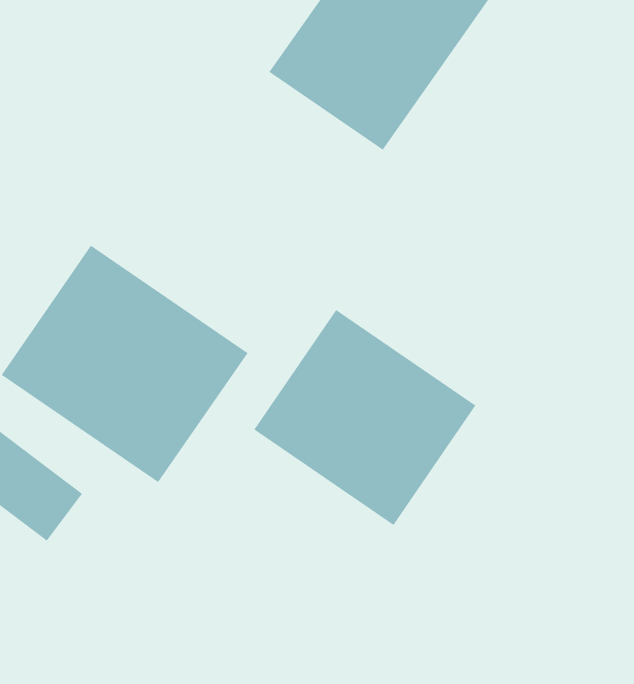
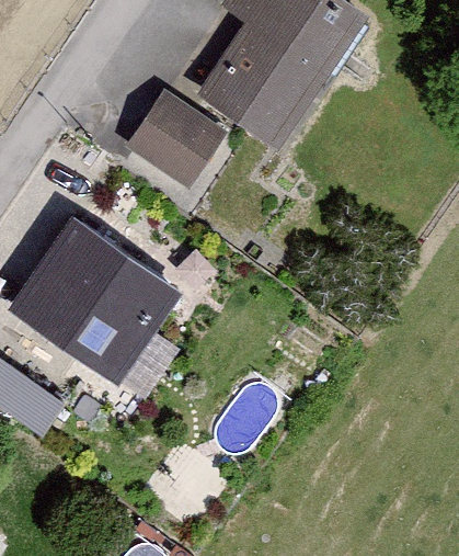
building: none -> [124,90,226,190]
building: [254,309,476,526] -> none

